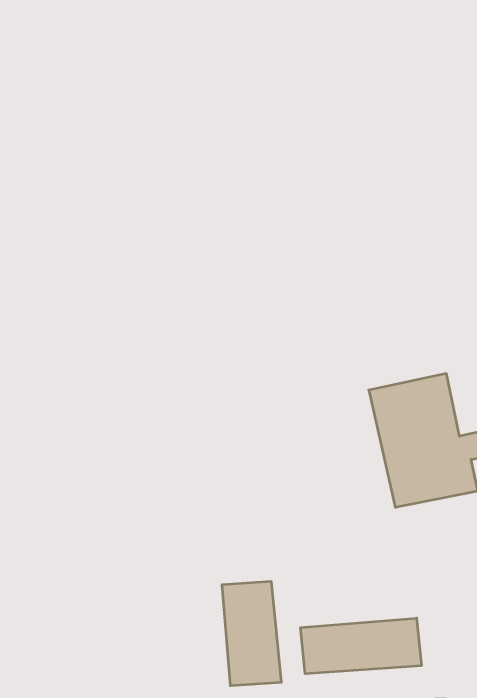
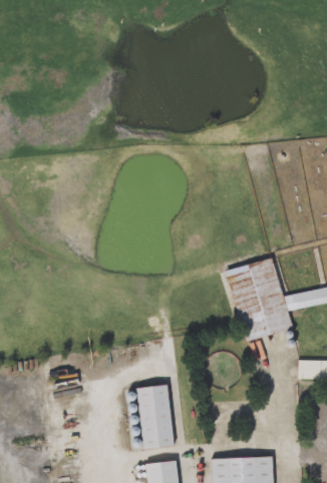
building: [301,618,421,674] -> none

